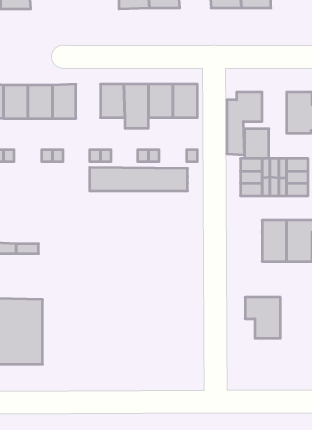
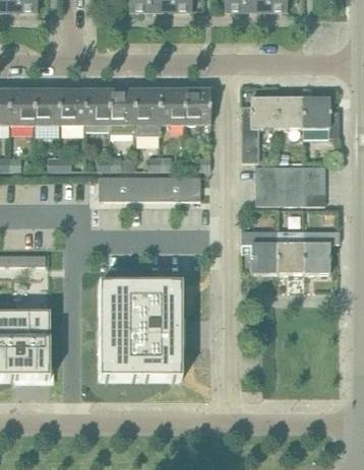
building: none -> [85,89,111,125]
building: [244,129,269,158] -> [279,97,304,128]
building: none -> [100,283,183,380]
building: [245,297,280,338] -> [242,230,279,273]

